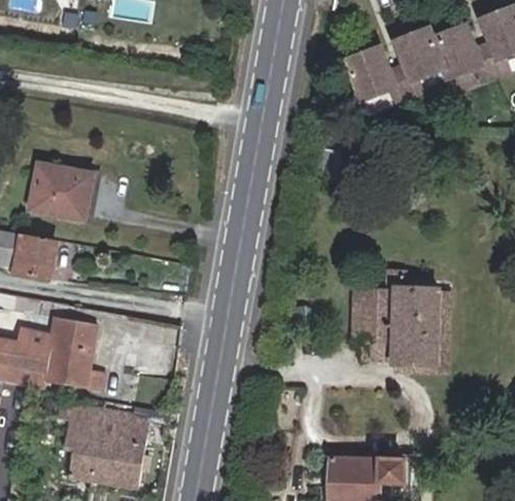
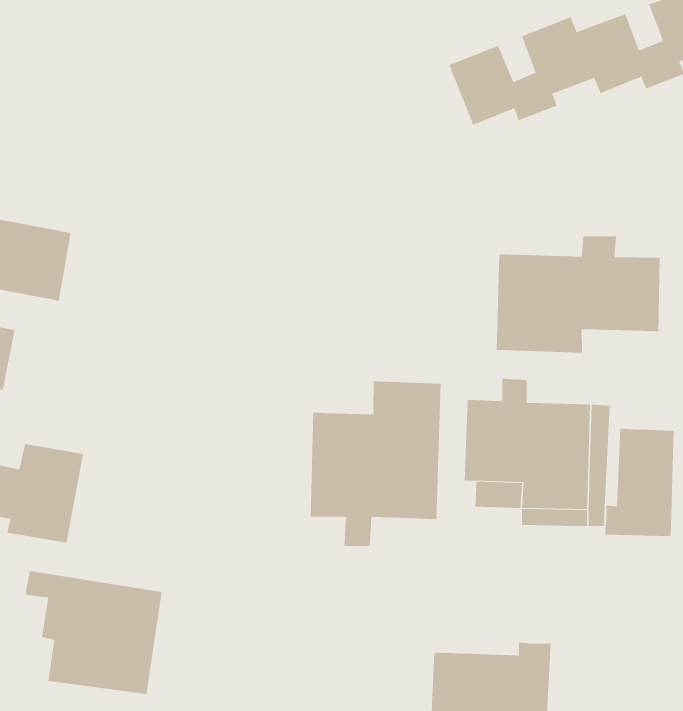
building: none -> [496,236,660,353]
building: none -> [310,381,441,547]
building: none -> [605,428,674,537]

